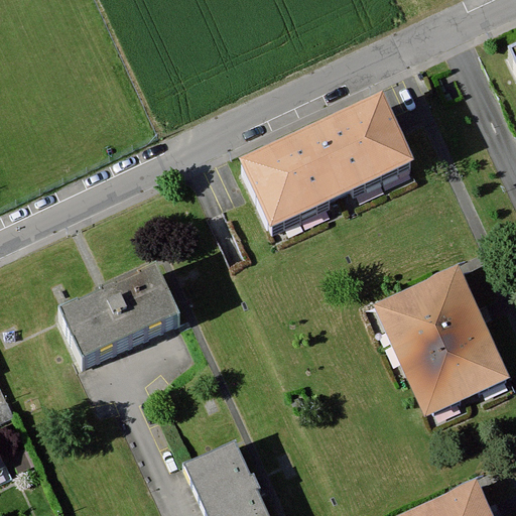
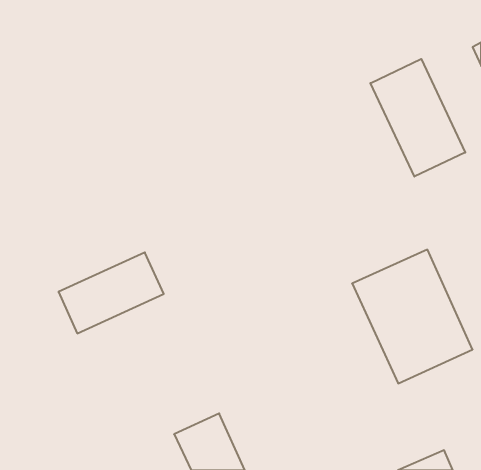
building: none -> [370,59,465,177]
building: [244,101,409,226] -> none

